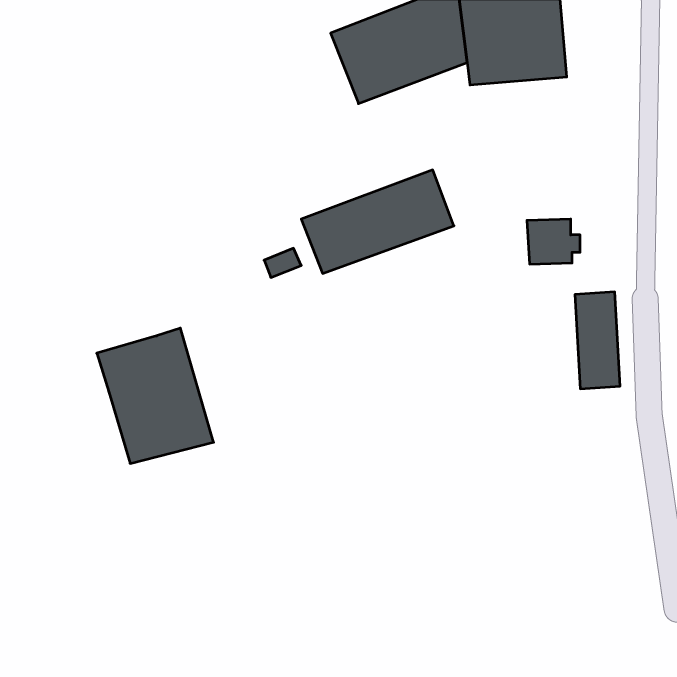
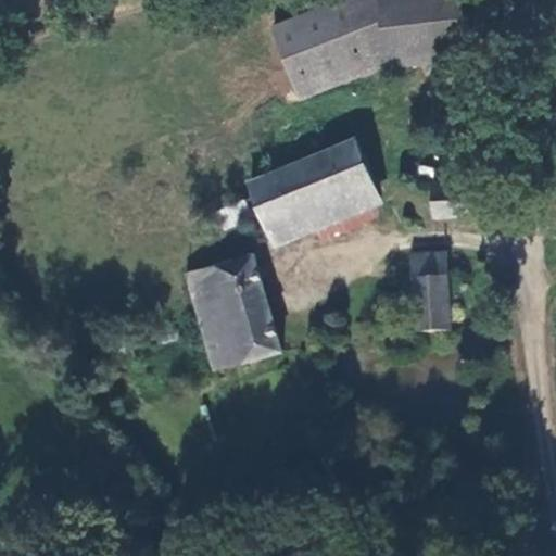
building: none -> [264,185,379,247]
building: [575,292,620,389] -> [409,254,446,333]
building: [97,328,214,463] -> [185,255,280,366]

